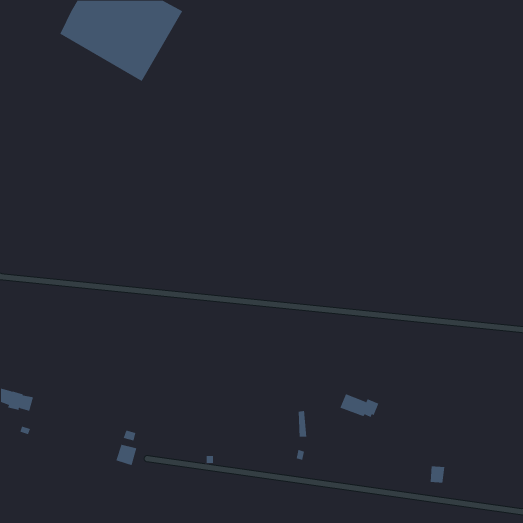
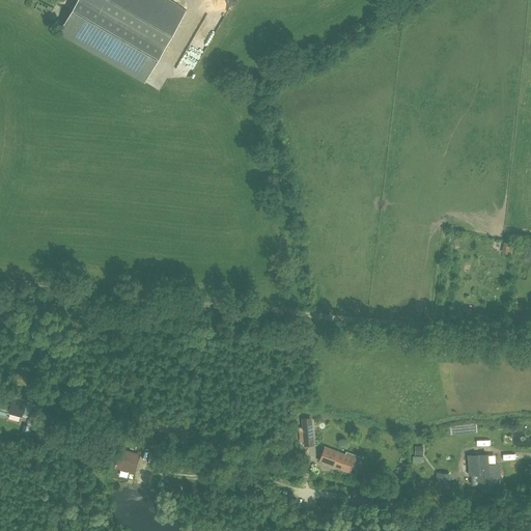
building: [339,393,379,418] -> [319,446,360,471]
building: none -> [470,455,499,485]

